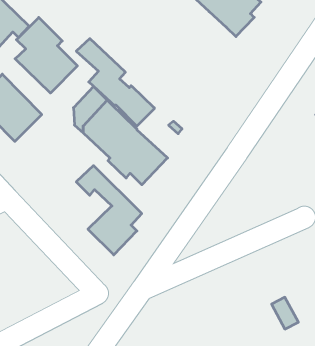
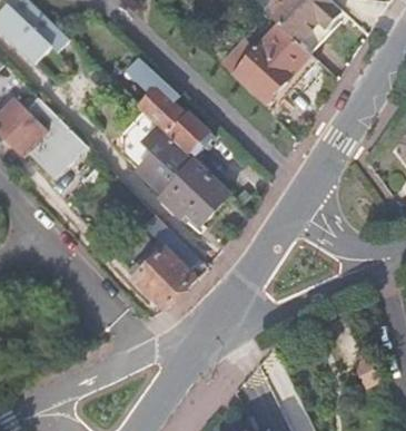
building: none -> [220,25,316,109]
building: [15,17,77,93] -> none

